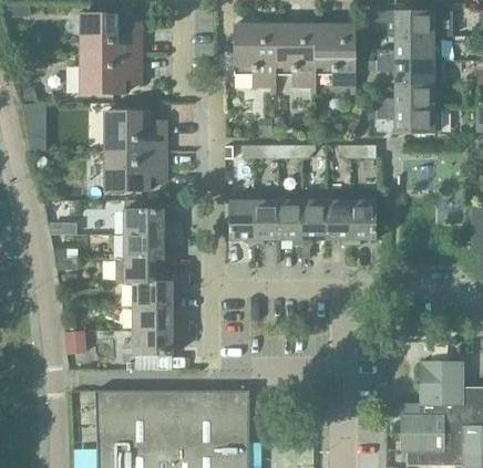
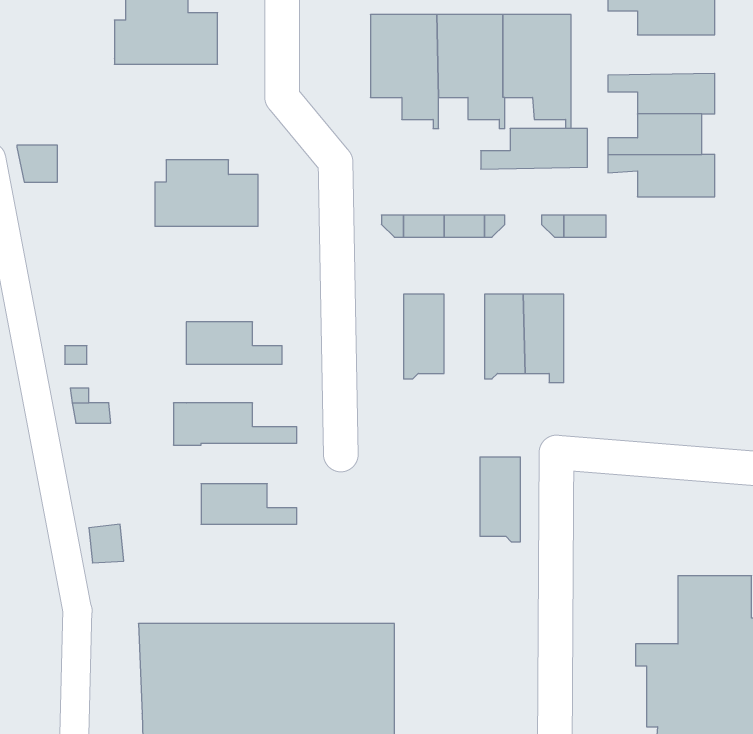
building: [377,38,441,62] -> [481,129,587,169]
building: [66,55,142,95] -> none
building: [104,153,166,193] -> none
building: [278,194,302,245] -> [480,457,520,542]
building: [350,194,376,247] -> none
building: [228,201,254,245] -> none
building: [123,236,181,259] -> none
building: [132,283,189,308] -> none
building: [132,332,189,357] -> none

